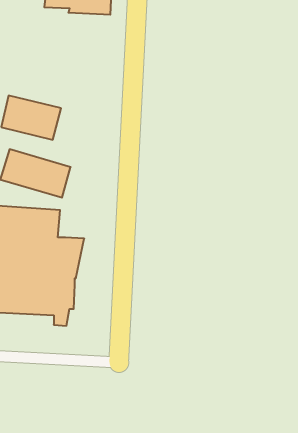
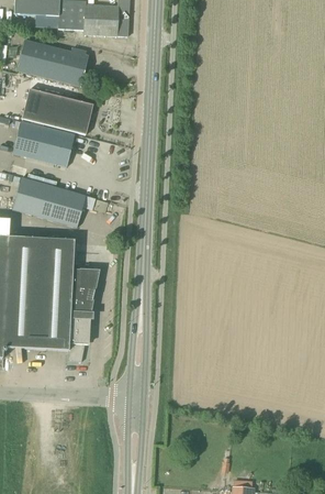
building: none -> [16,40,88,86]
building: none -> [22,88,93,134]

